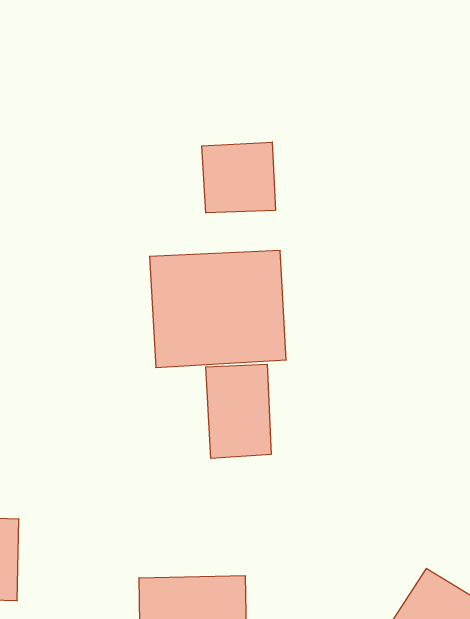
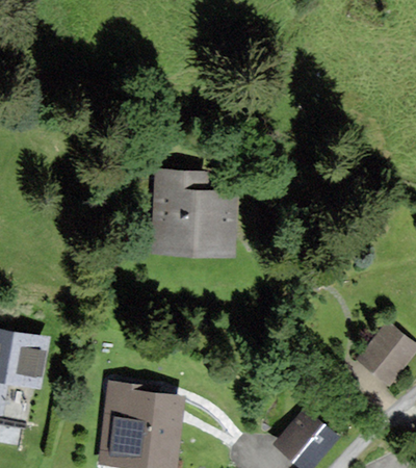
building: [202,142,275,213] -> none
building: [206,364,271,458] -> none

